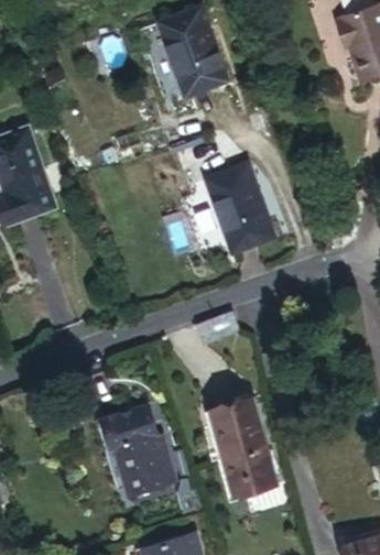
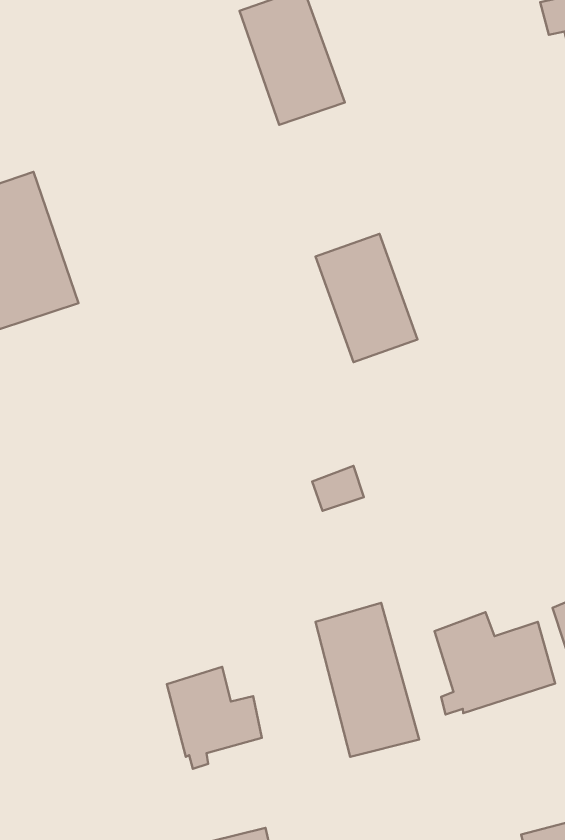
building: none -> [434,612,555,715]
building: [96,410,148,451] -> none

